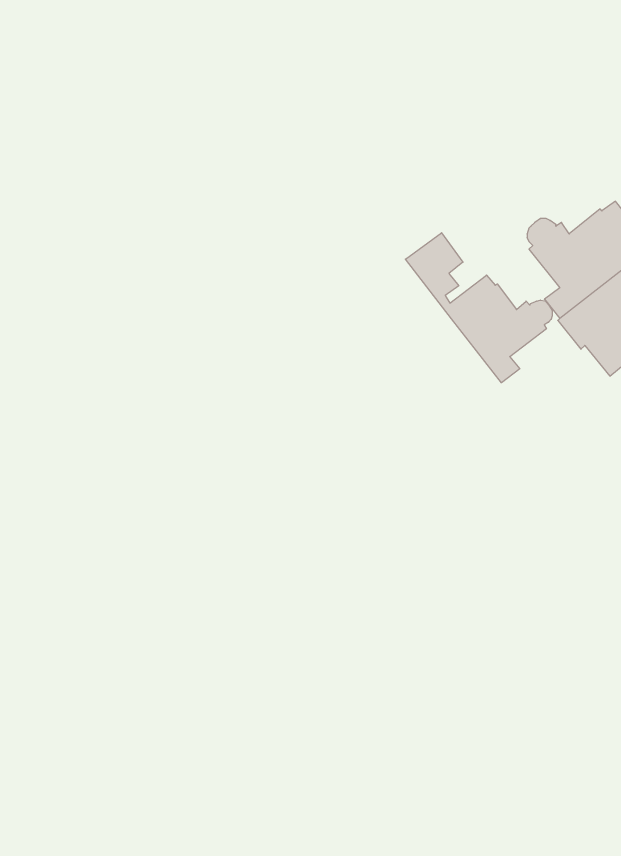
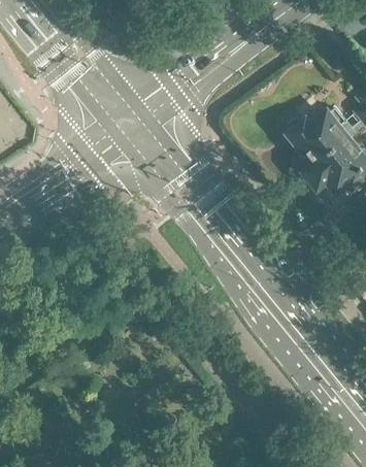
building: [405,233,552,383] -> none

